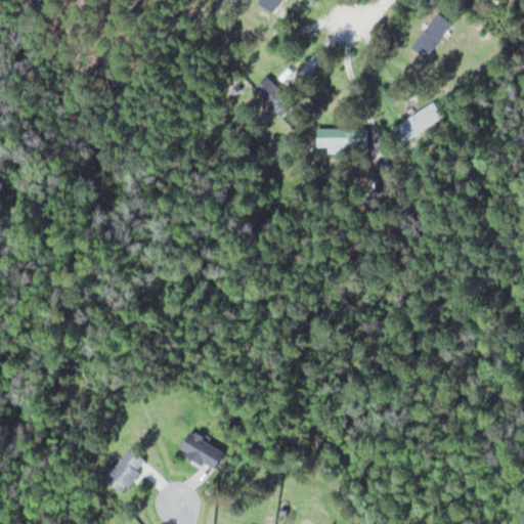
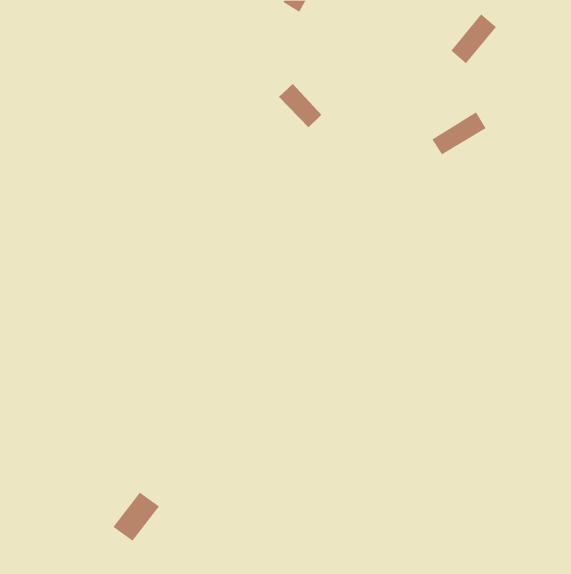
building: [316,129,366,147] -> none
building: [178,430,223,470] -> none

